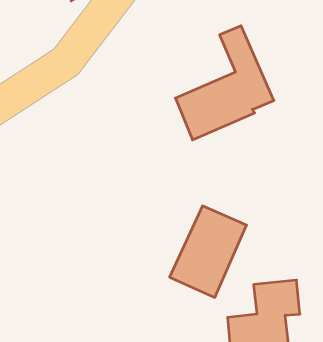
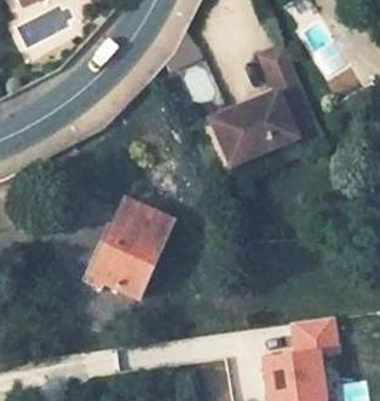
building: [170,206,247,297] -> [88,203,171,301]

